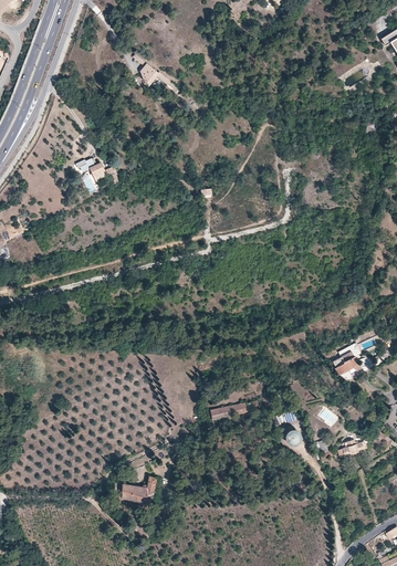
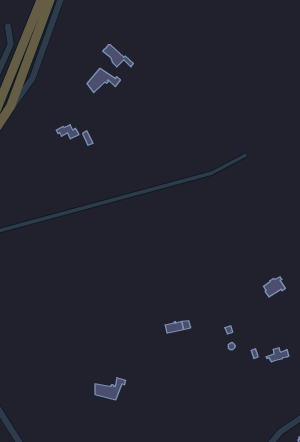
building: none -> [87,68,120,93]

